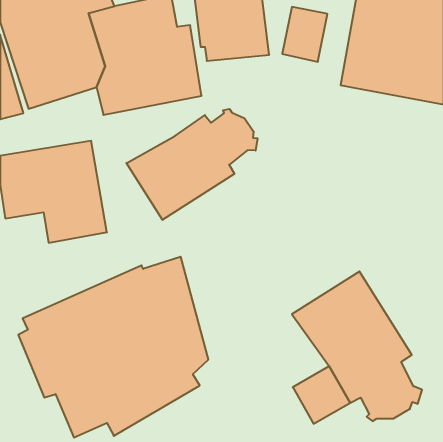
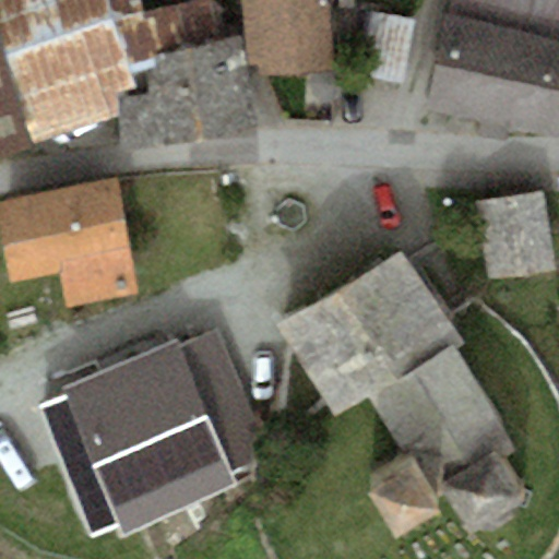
building: [126,109,258,220] -> none
building: none -> [475,189,554,274]
building: none -> [280,247,454,406]

